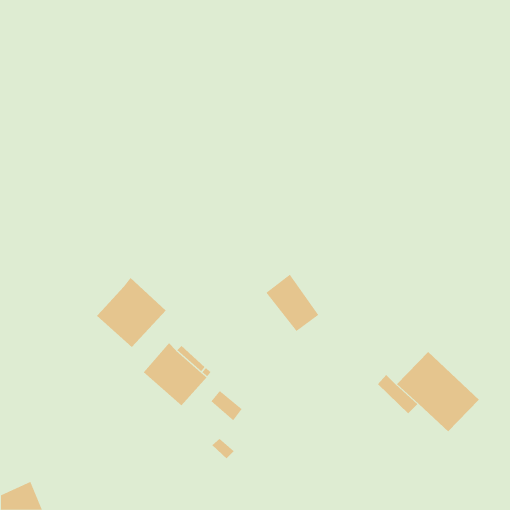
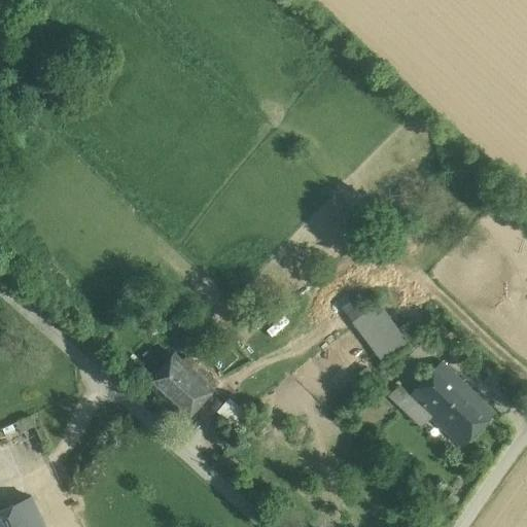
building: [265,274,319,332] -> [353,303,409,362]
building: [96,277,166,348] -> none

